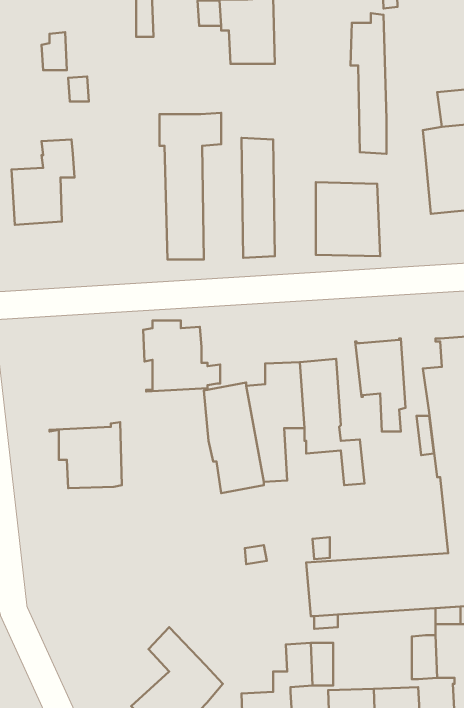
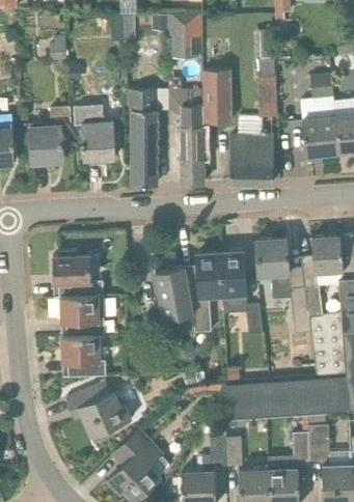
building: none -> [203,69,230,122]
building: none -> [74,106,115,160]
building: [143,320,220,391] -> [52,251,103,298]
building: none -> [61,335,104,378]
building: none -> [65,381,131,443]

